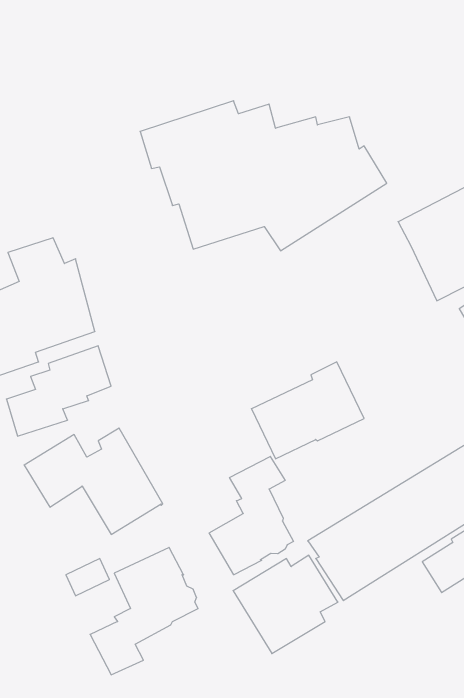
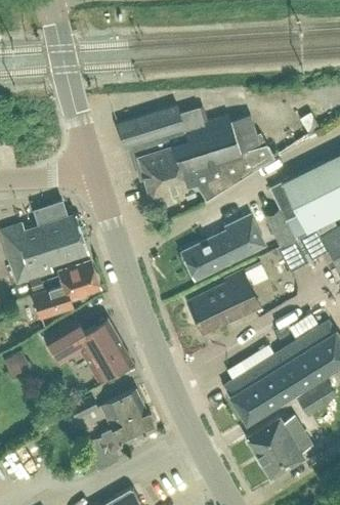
building: none -> [265,211,295,248]
building: none -> [182,215,266,281]
building: [209,456,293,575] -> none
building: [233,555,338,654] -> [246,417,312,479]

